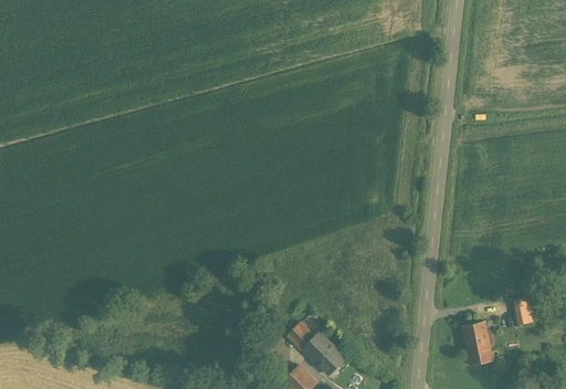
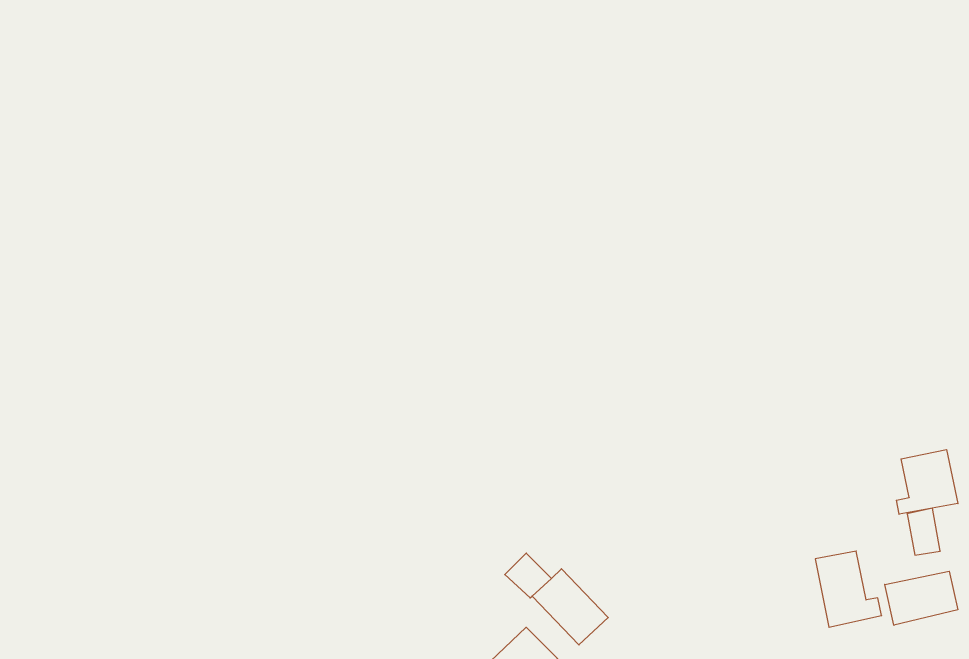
building: none -> [896,450,958,514]
building: none -> [885,571,958,625]

